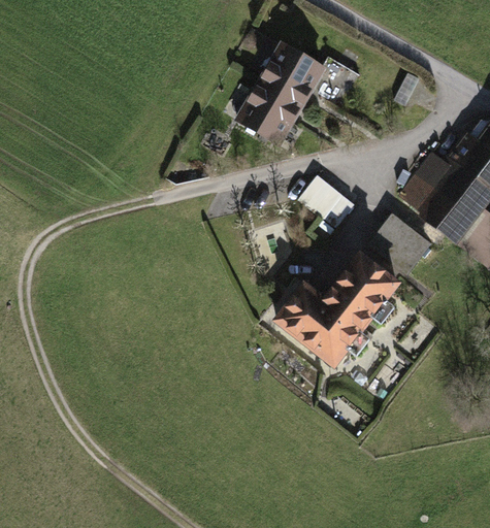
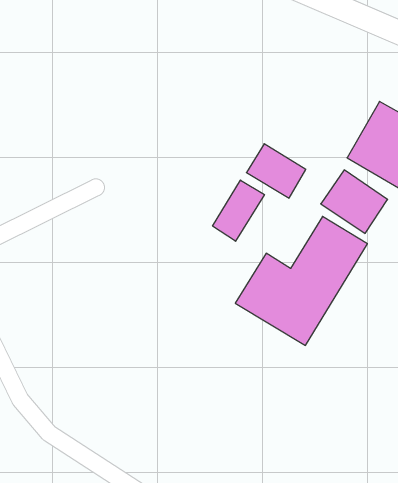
building: [241,42,326,144] -> none
building: none -> [213,180,264,241]

